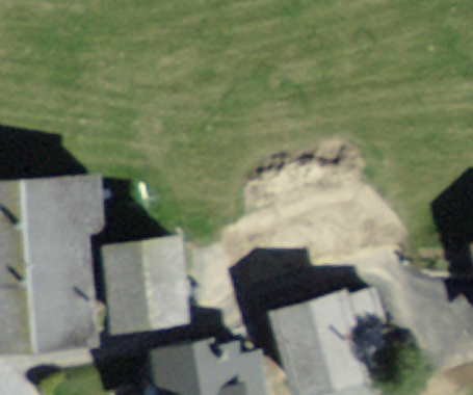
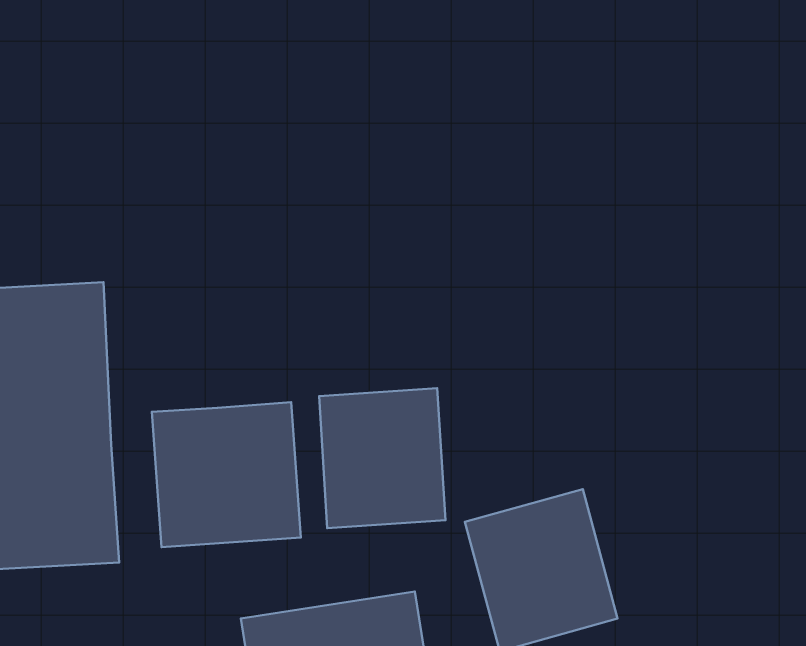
building: none -> [319,388,445,528]

